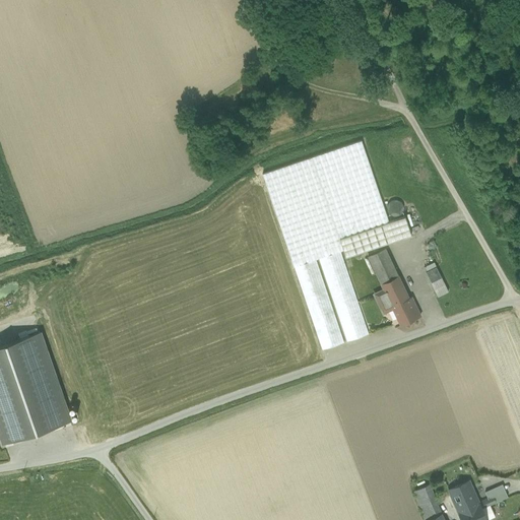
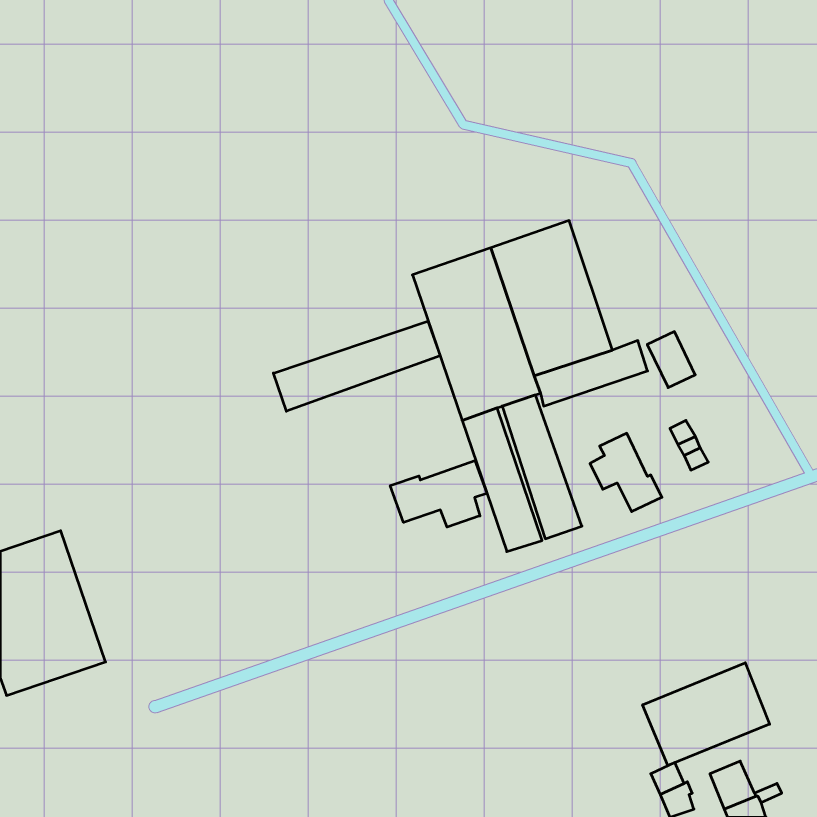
building: none -> [273,321,440,411]
building: [368,248,398,283] -> [647,332,695,388]
building: none -> [390,461,487,527]
building: none -> [643,663,770,765]

